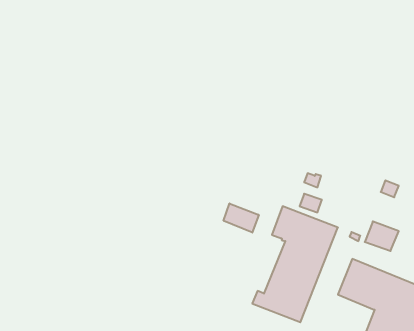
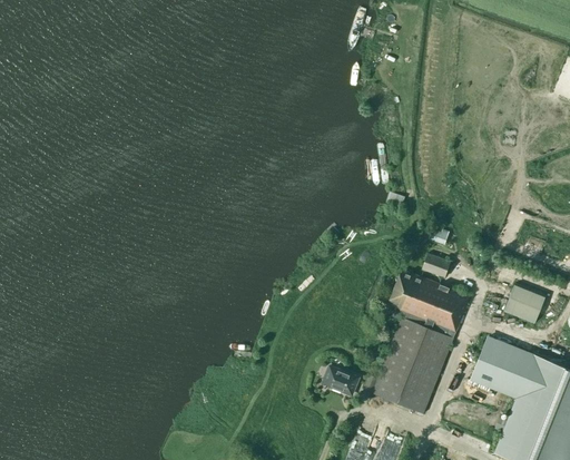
building: [224,203,259,233] -> none
building: none -> [322,365,358,394]

